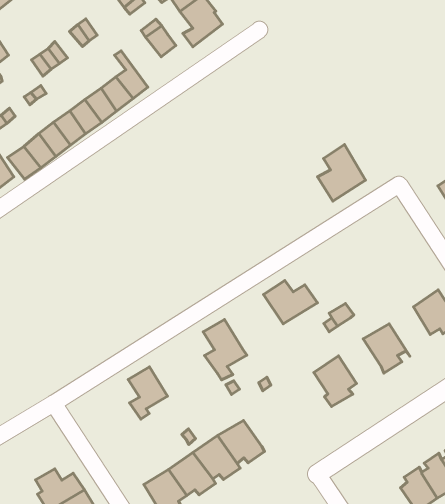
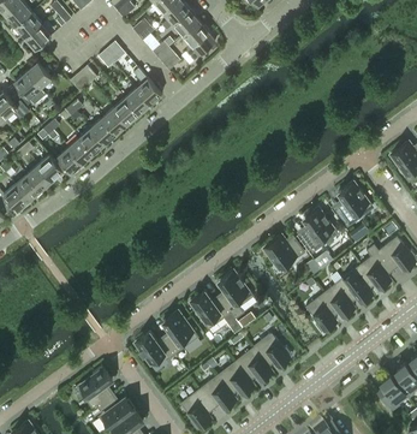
building: [317,145,365,201] -> [335,180,373,225]
building: none -> [299,207,338,250]
building: none -> [361,249,393,287]
building: none -> [323,277,357,315]
building: none -> [189,290,231,327]
building: none -> [133,331,174,364]
building: none -> [254,332,292,365]
building: none -> [77,364,112,406]

